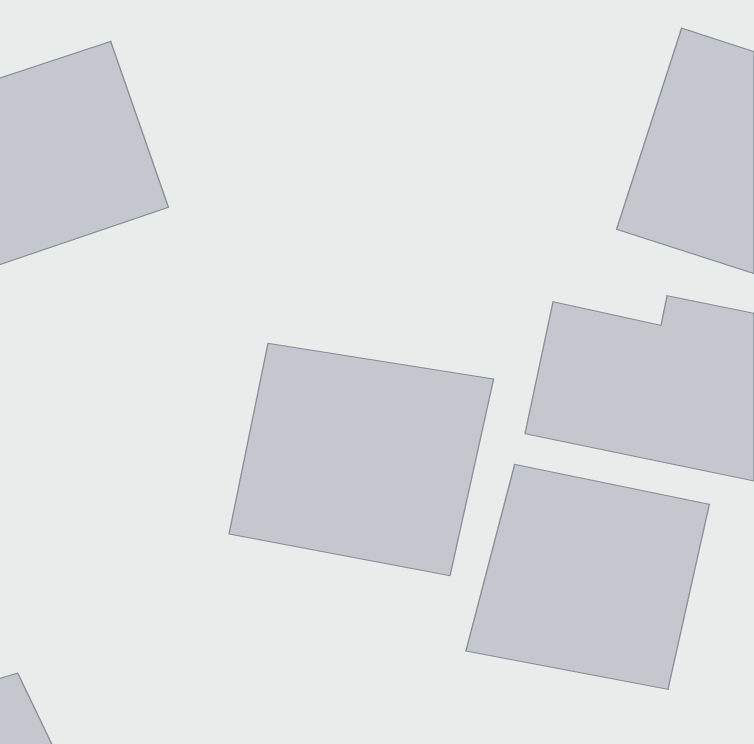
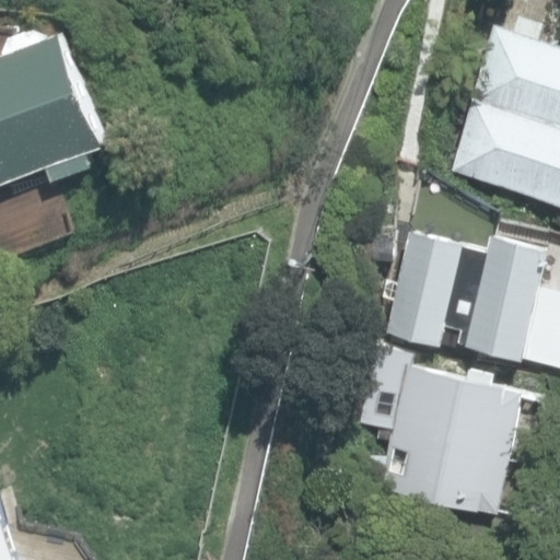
building: [229,343,494,576] -> none

